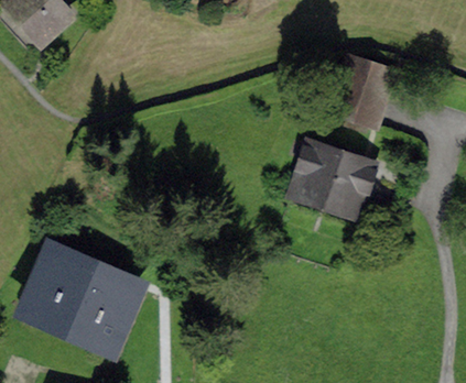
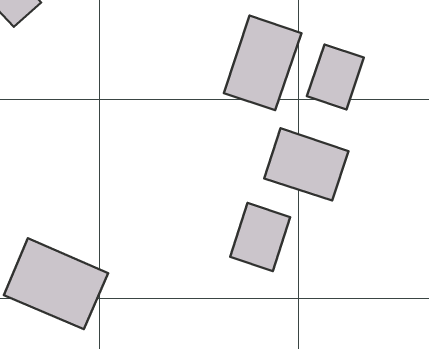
building: none -> [224,15,302,110]
building: none -> [230,203,290,271]

